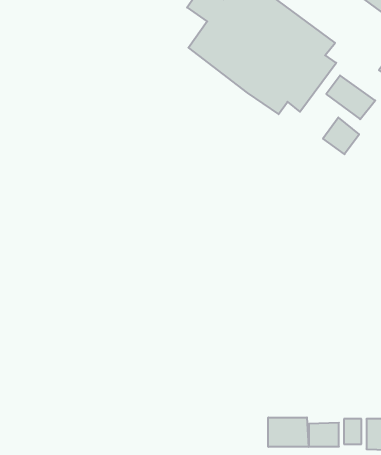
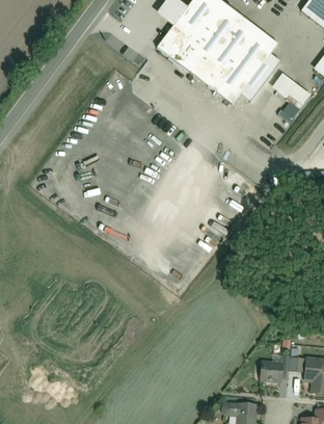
building: [323,117,359,154] -> none
building: [268,417,309,447] -> none

